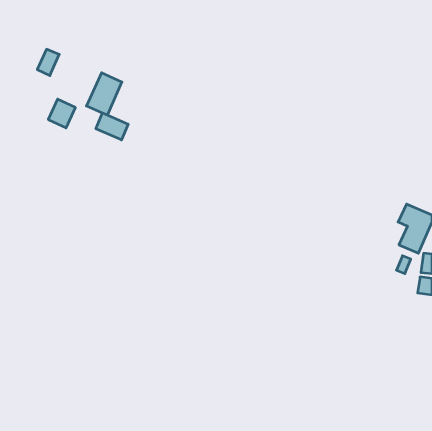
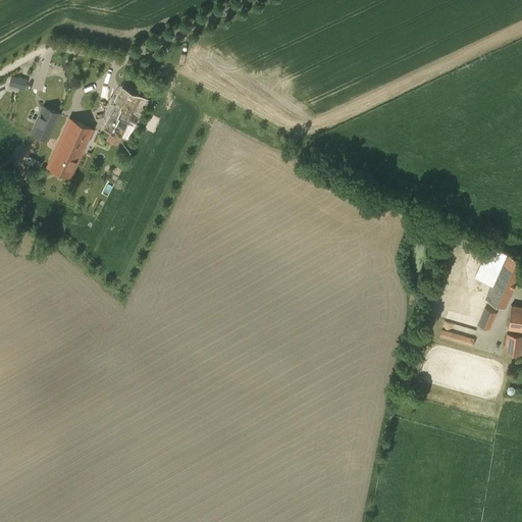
building: [37,49,59,76] -> [32,109,58,141]
building: [96,113,128,140] -> none
building: none -> [48,146,80,177]

